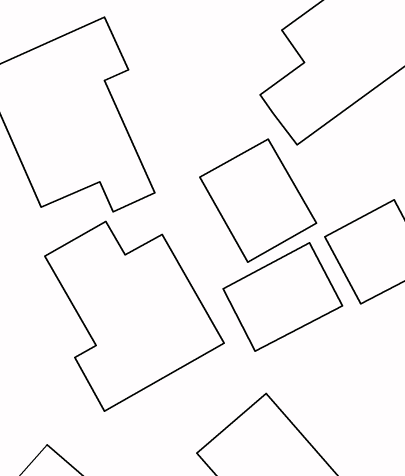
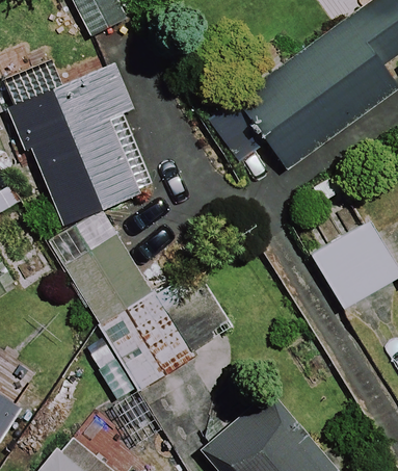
building: [200,139,317,262] -> none
building: [223,243,342,351] -> none

